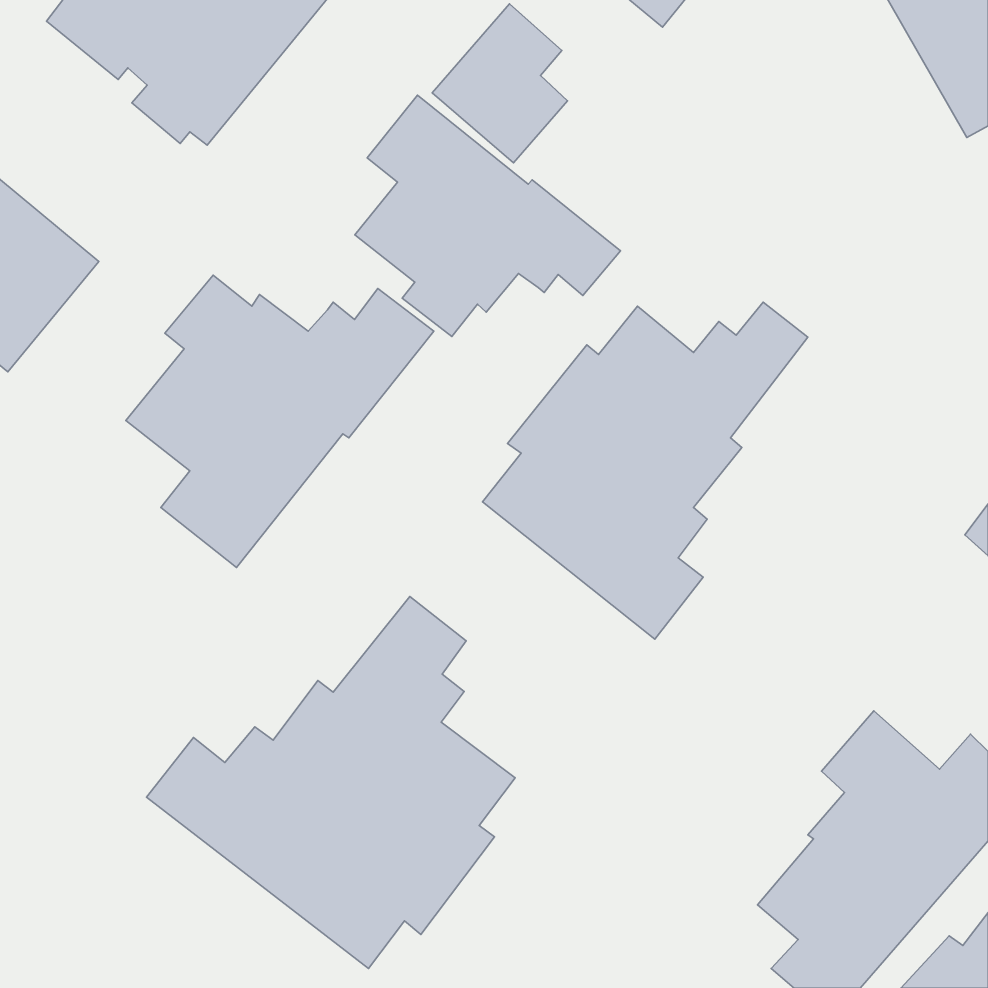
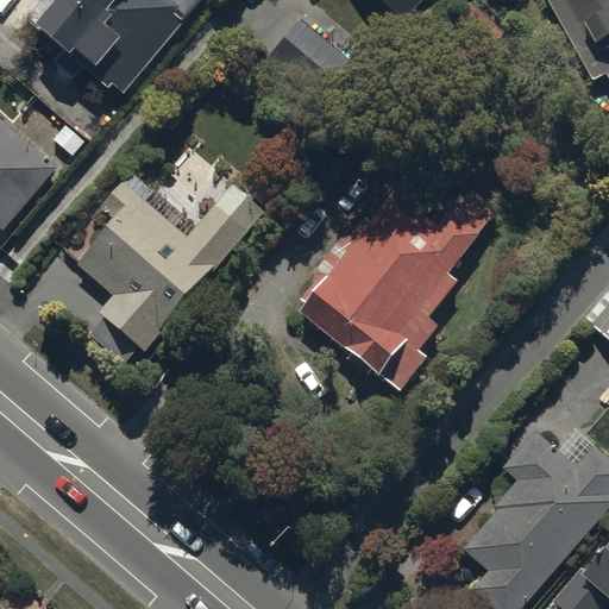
building: [355,95,621,336] -> none
building: [147,597,515,968] -> none

